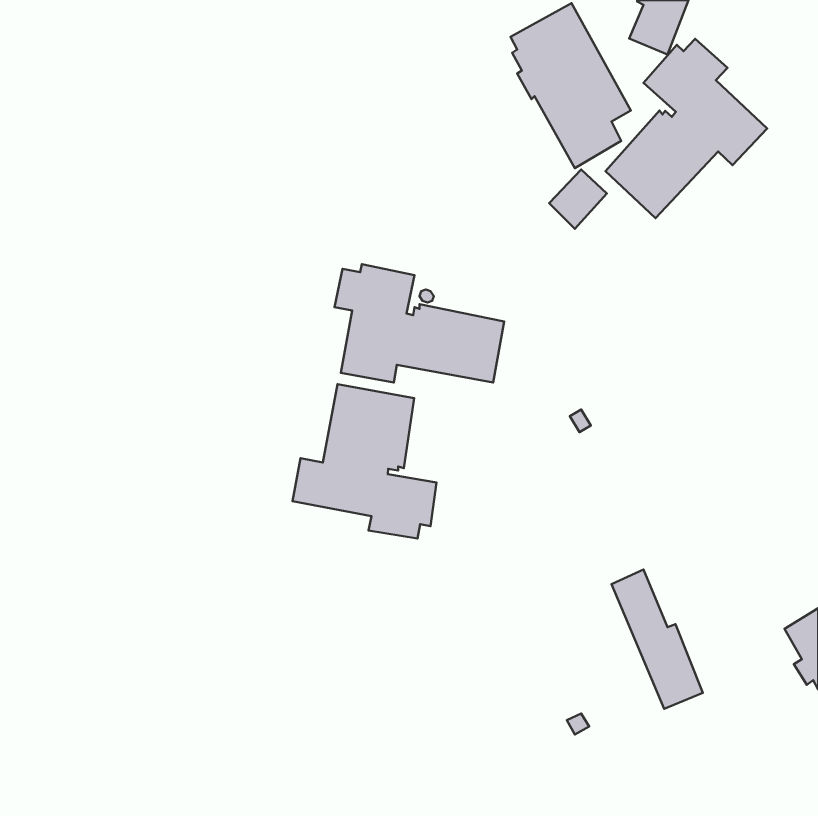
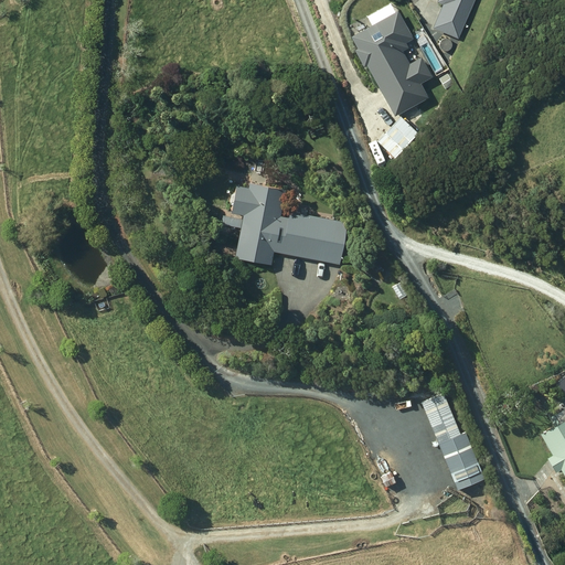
building: [605,39,767,218] -> none
building: [292,384,437,539] -> none

